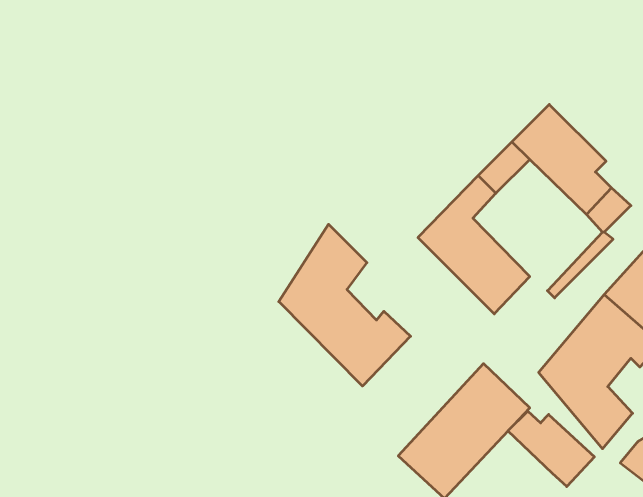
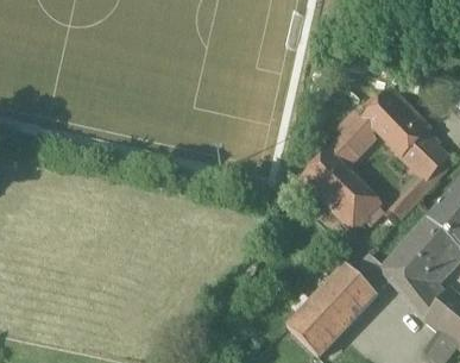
building: [279,224,411,386] -> none
building: [508,411,594,487] -> none

